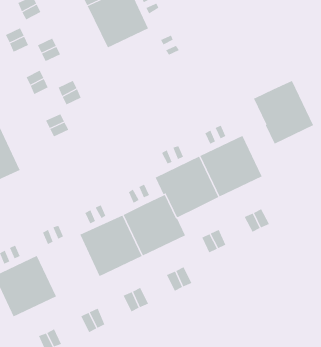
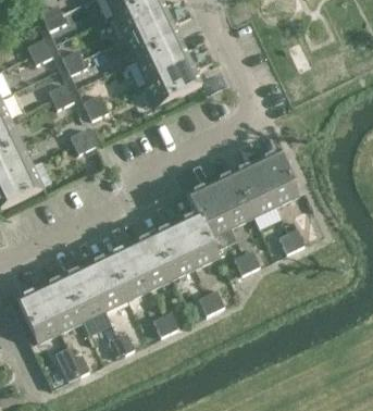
building: none -> [135,39,200,107]
building: [253,80,314,144] -> none
building: none -> [61,256,126,321]

